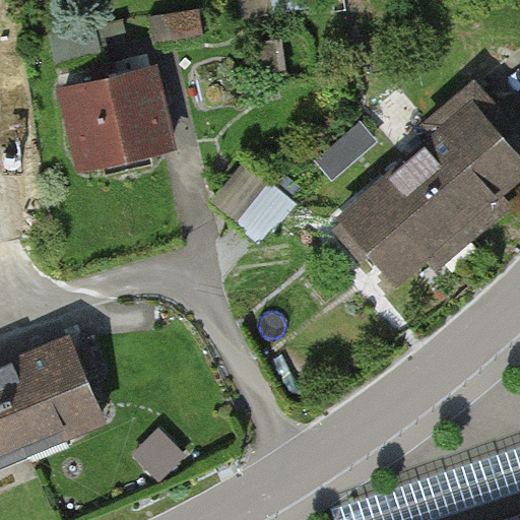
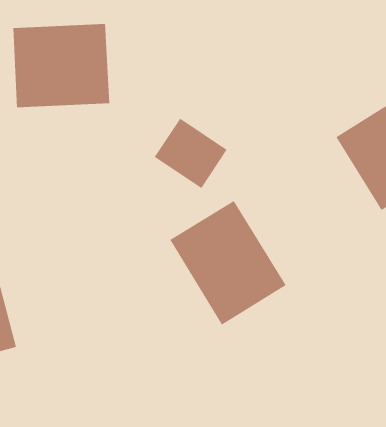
building: [342,153,471,282] -> none
building: none -> [170,200,287,326]

